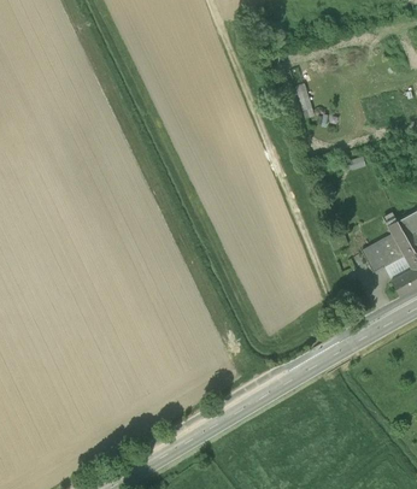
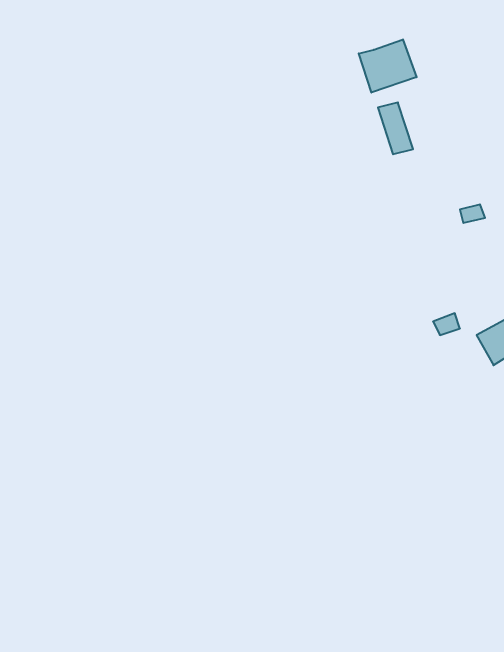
building: none -> [359,39,417,93]

